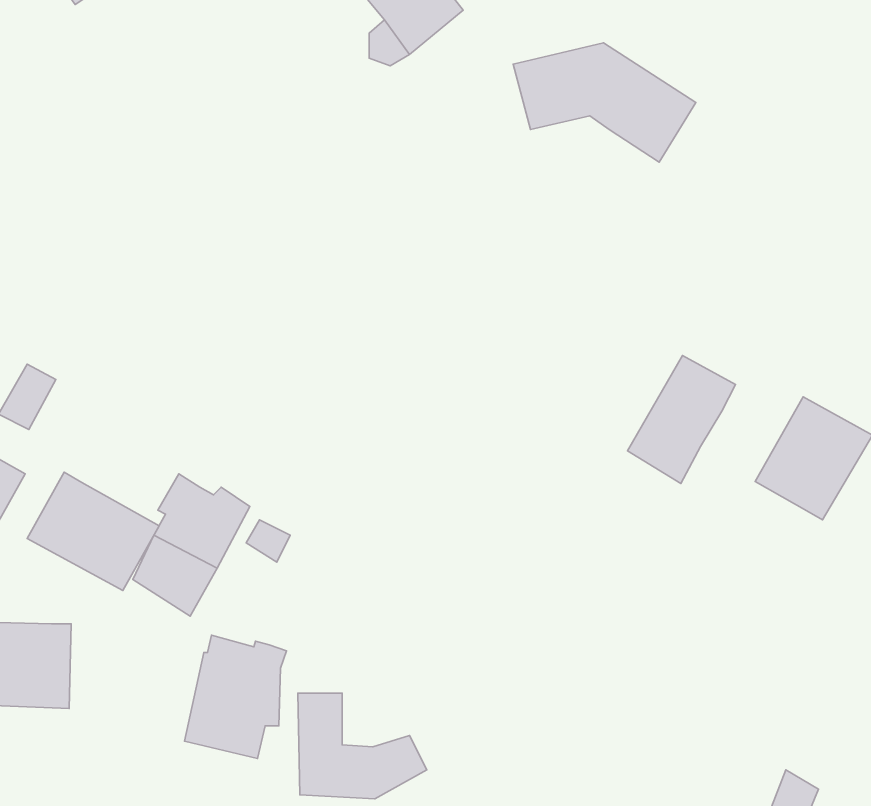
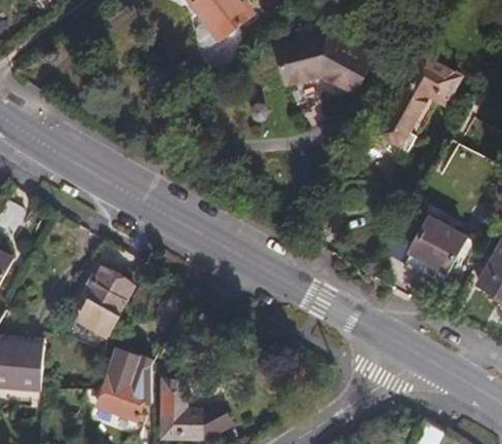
building: none -> [377,61,457,149]
building: [628,356,735,483] -> none
building: [27,472,159,591] -> none

